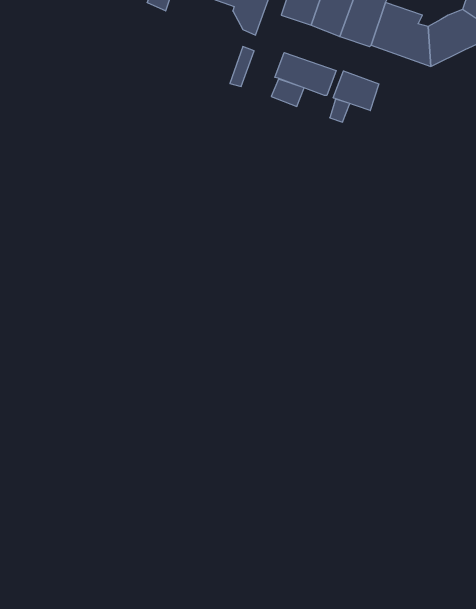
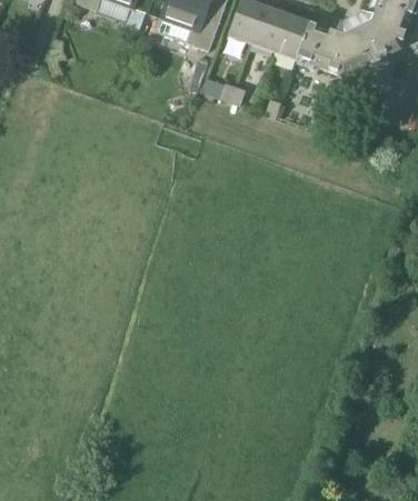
building: [275,53,336,95] -> none
building: [333,71,379,111] -> none

